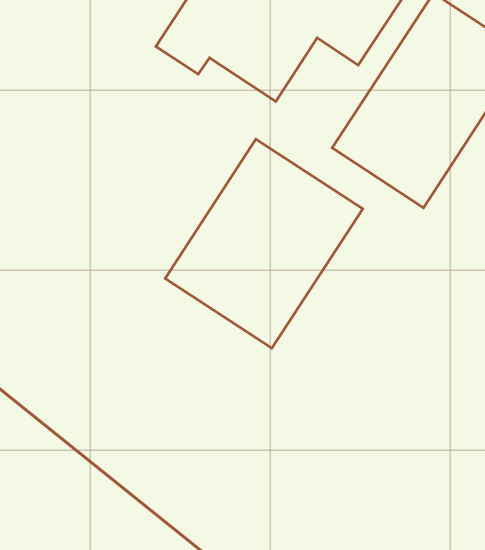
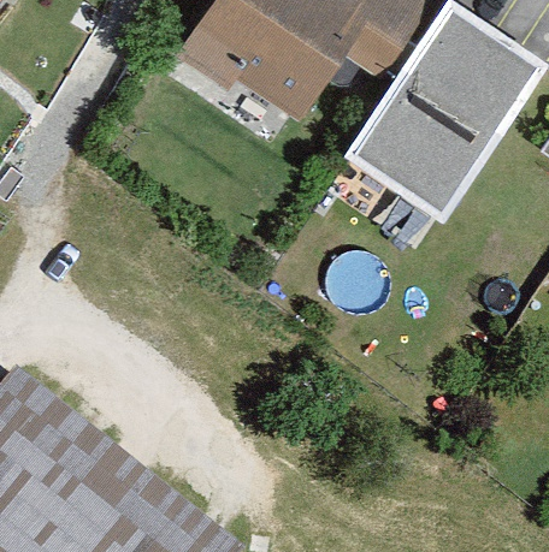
building: [165,139,363,348] -> none

